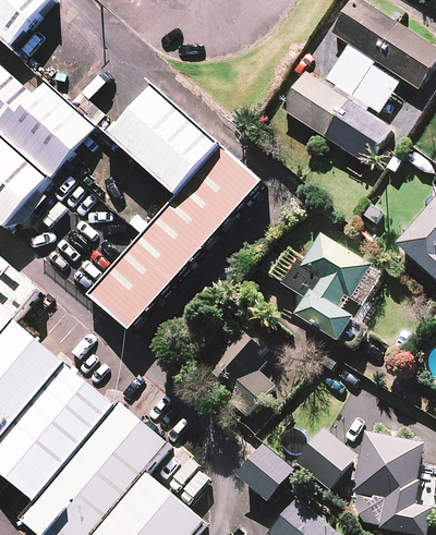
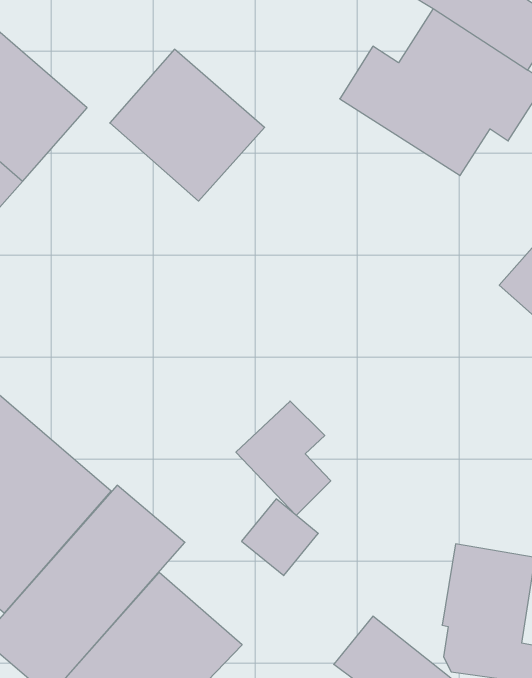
building: [87,134,266,326] -> none
building: [282,236,365,344] -> none
building: [291,431,352,491] -> none
building: [234,448,290,503] -> [242,499,318,576]

